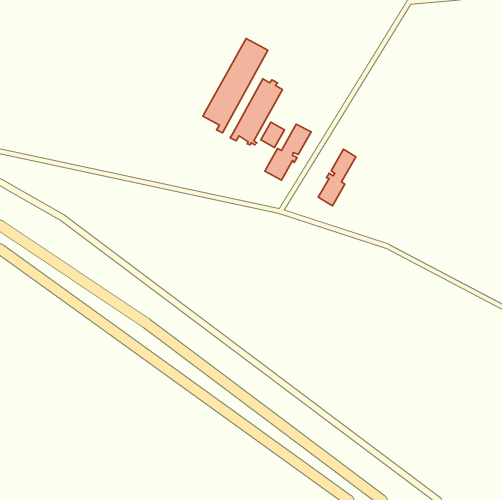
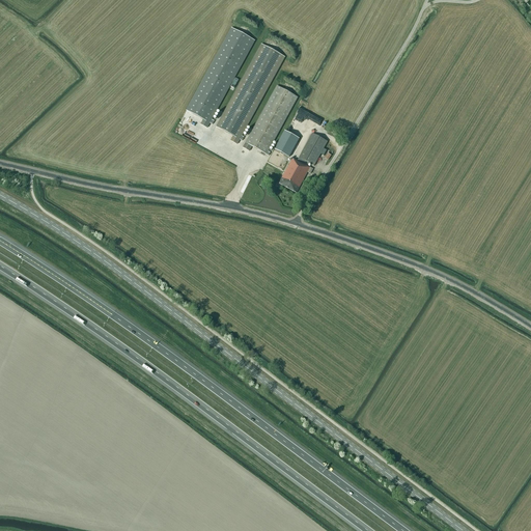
building: none -> [188,25,255,125]
building: [318,149,356,206] -> none

